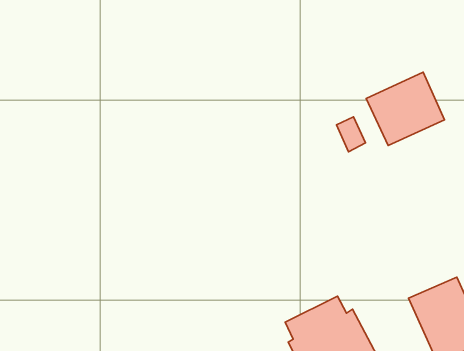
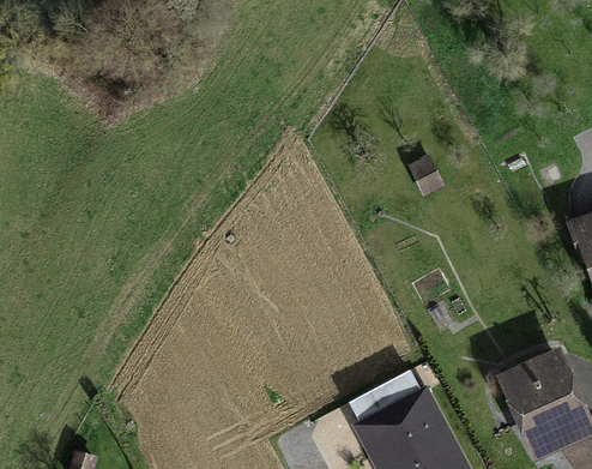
building: [366,72,445,145] -> none

